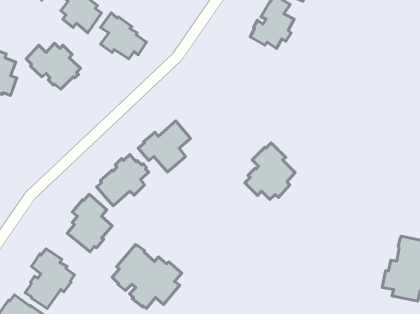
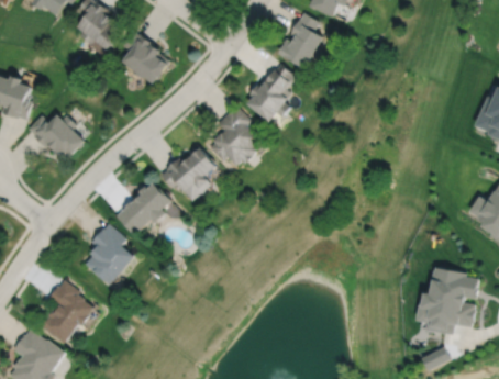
building: none -> [245,64,296,120]
building: [26,43,81,89] -> [27,112,85,160]
building: [245,143,295,200] -> [208,105,260,165]
building: [112,244,182,309] -> none

